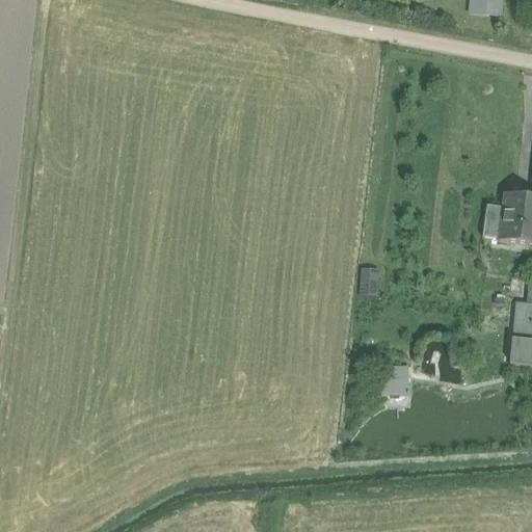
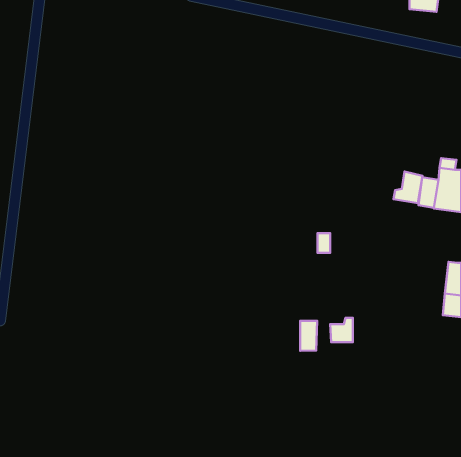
building: none -> [394,172,422,203]
building: none -> [300,321,317,351]

